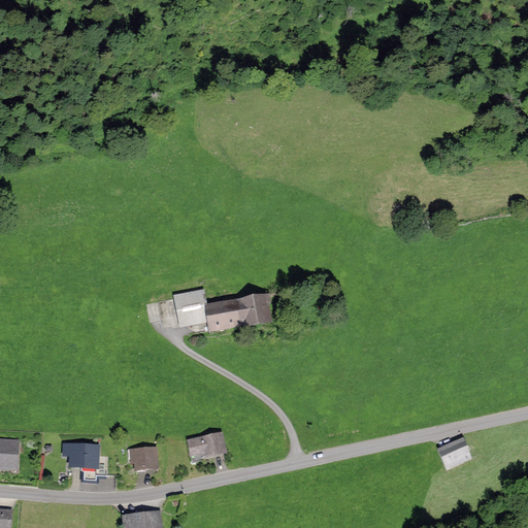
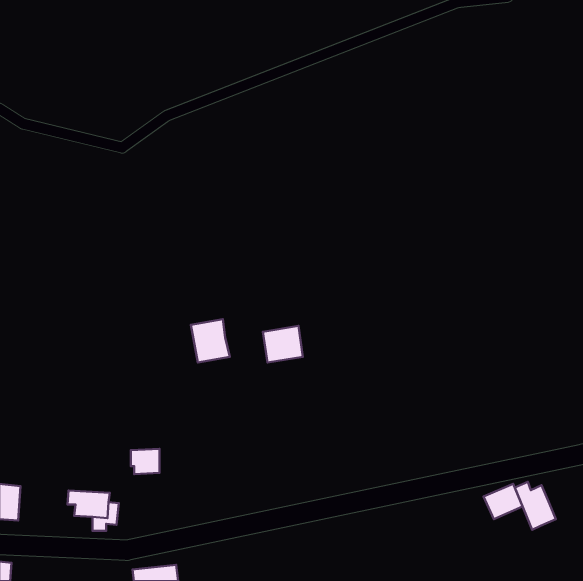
building: [203,299,241,332] -> none
building: [186,429,228,457] -> none
building: none -> [515,482,556,530]
building: [131,447,157,469] -> [131,449,159,474]

